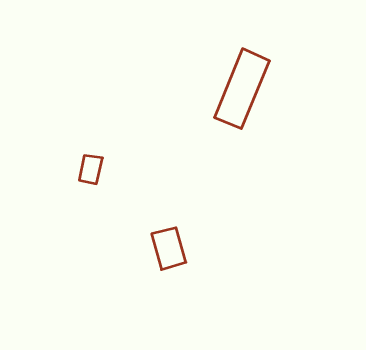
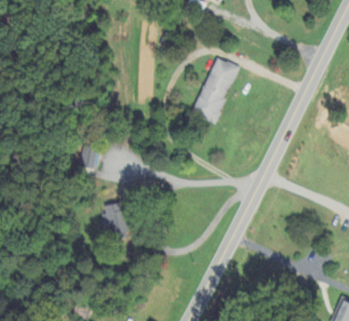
building: [152,228,186,270] -> [100,202,129,237]

